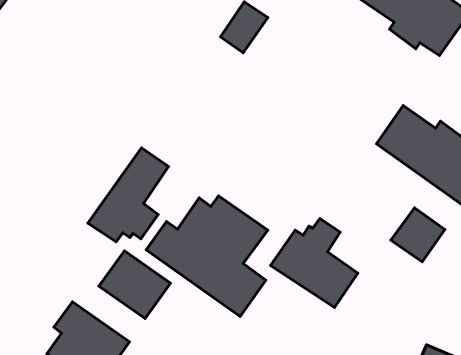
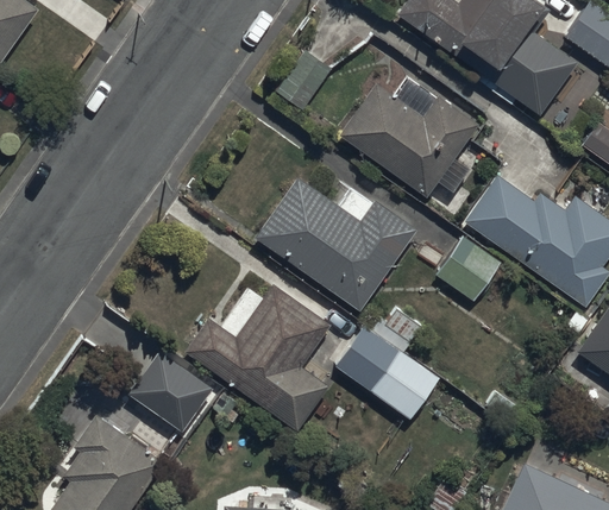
building: none -> [338,82,481,197]
building: none -> [255,175,417,310]
building: [88,148,169,242] -> none
building: [391,208,445,262] -> [435,237,501,302]

